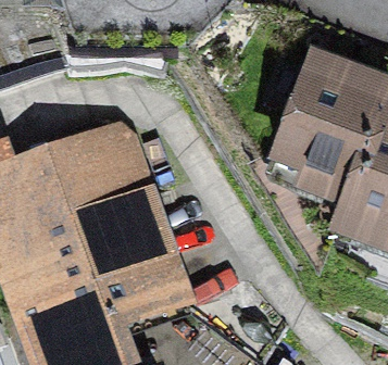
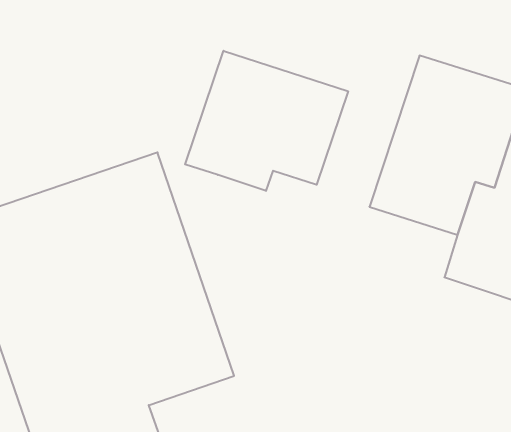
building: none -> [185,51,348,191]

